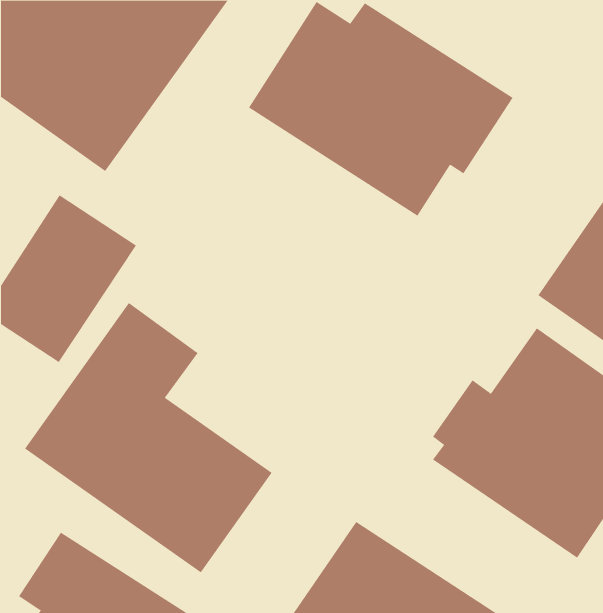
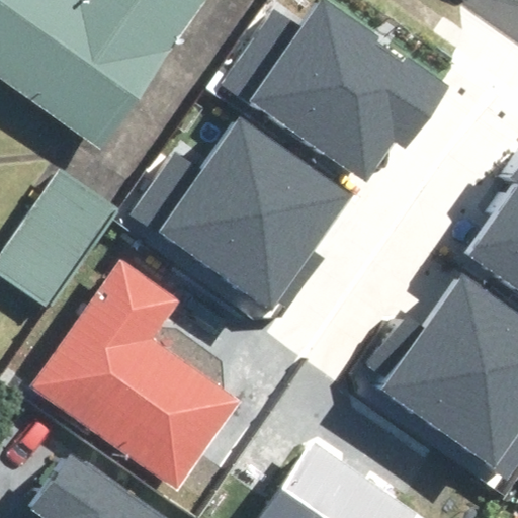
building: none -> [139,121,347,312]

